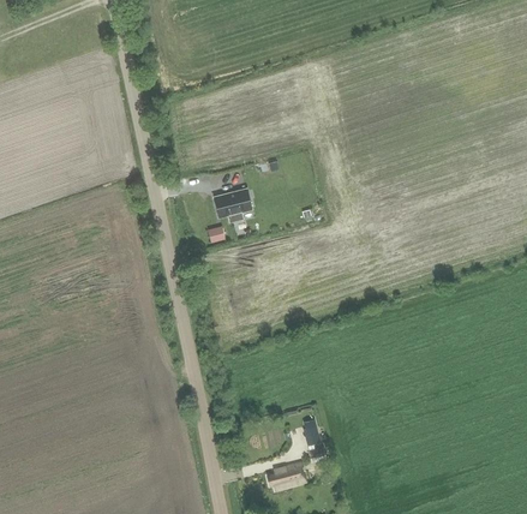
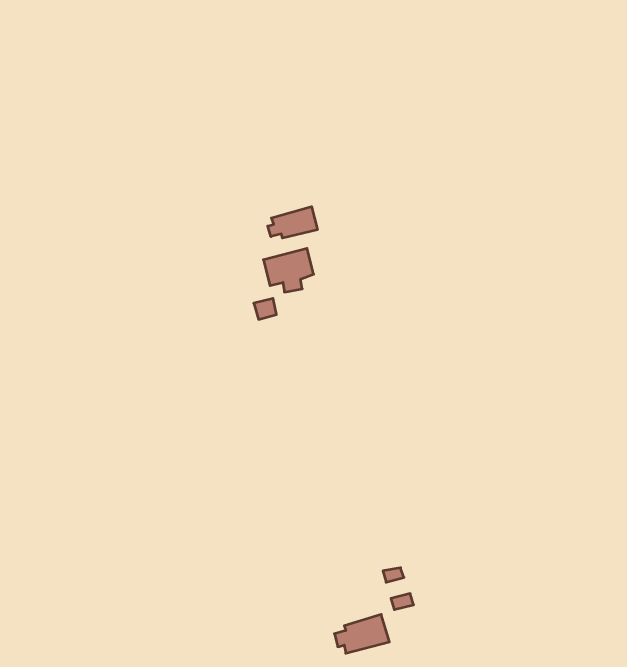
building: none -> [268,207,317,238]

